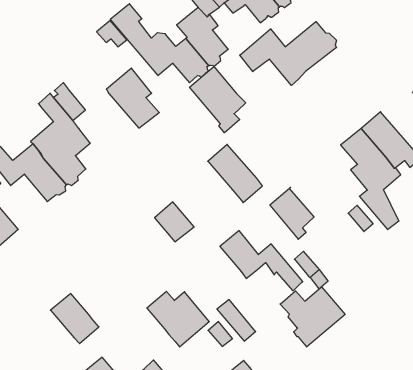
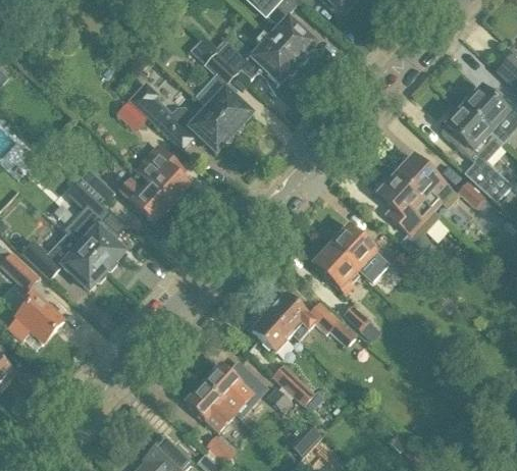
building: [240,22,337,85] -> none
building: [190,67,246,133] -> none
building: none -> [120,172,171,222]
building: [208,144,262,203] -> [330,224,389,280]
building: [155,202,194,242] -> [252,311,293,351]
building: [280,287,345,347] -> none
building: [50,294,99,344] -> [185,382,236,431]

